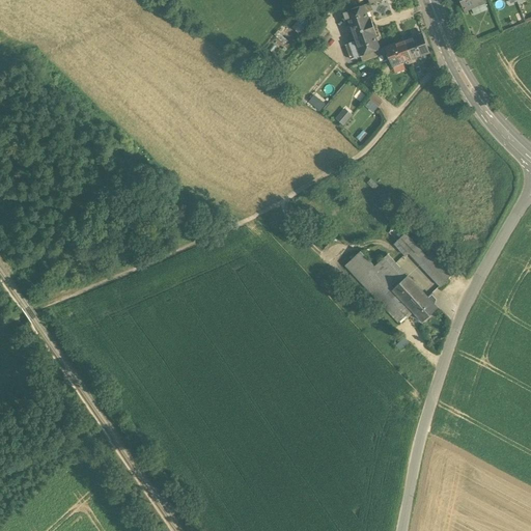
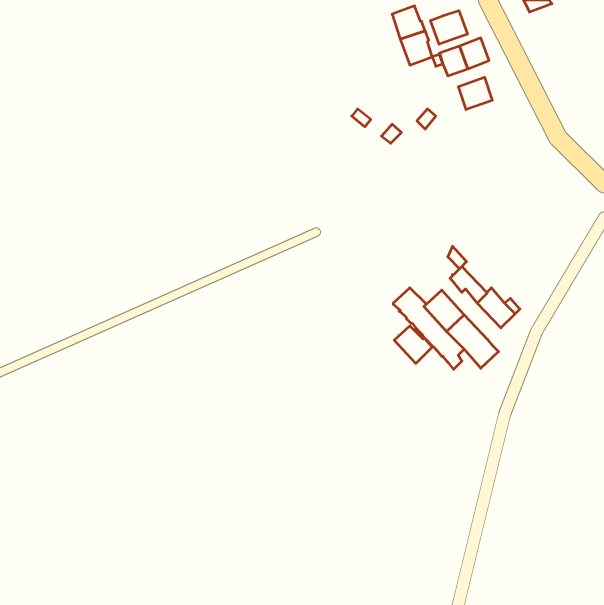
building: none -> [431,11,467,44]
building: none -> [458,77,492,110]
building: none -> [394,326,432,363]

